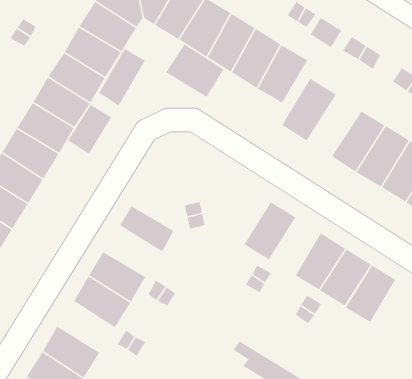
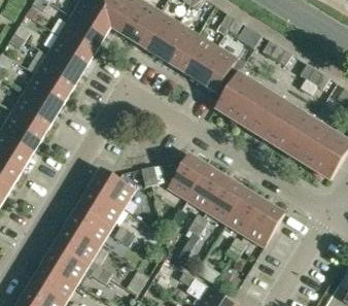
building: [165,43,224,98] -> none
building: [98,48,146,107] -> none
building: none -> [235,83,276,131]
building: [67,104,112,155] -> none
building: none -> [168,154,207,198]
building: none -> [79,183,125,223]
building: [345,264,396,323] -> [206,177,245,222]
building: none -> [44,241,89,280]

